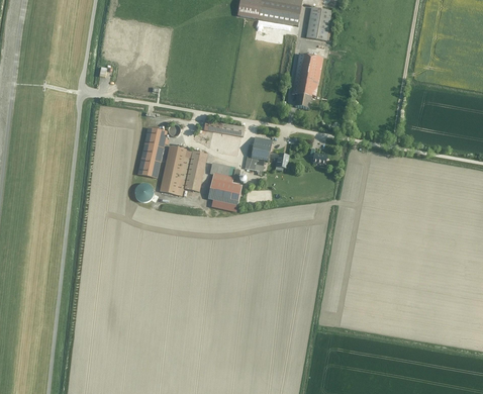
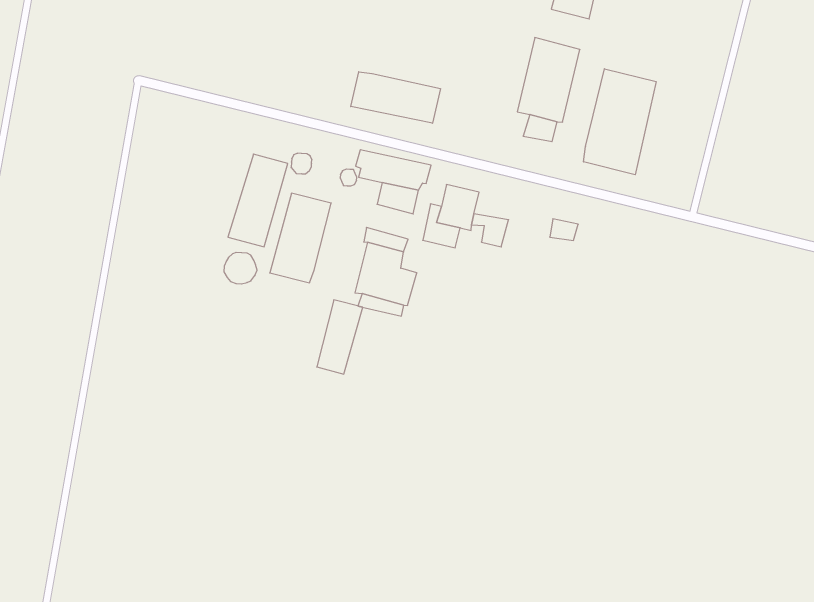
building: none -> [584,69,656,175]
building: none -> [351,72,440,123]
building: [185,151,208,191] -> [317,300,363,374]

